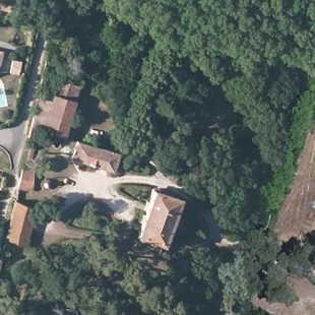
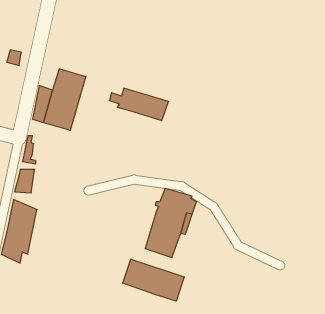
building: [68,142,122,172] -> [109,88,169,121]
building: none -> [123,259,184,301]

